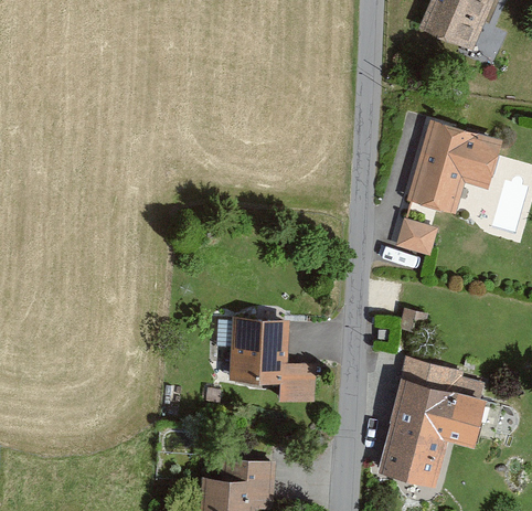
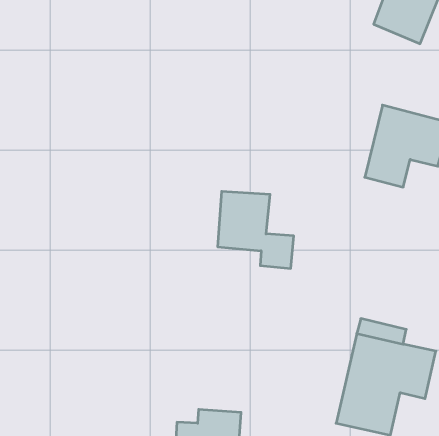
building: [396,222,436,258] -> none
building: [230,319,315,405] -> [218,191,294,268]

